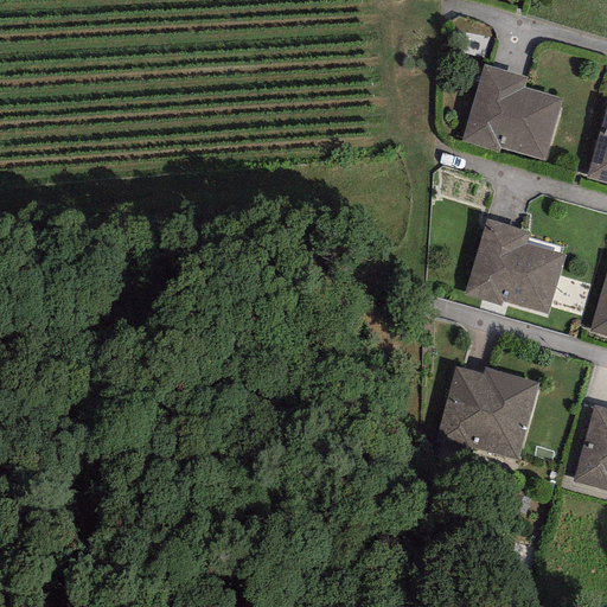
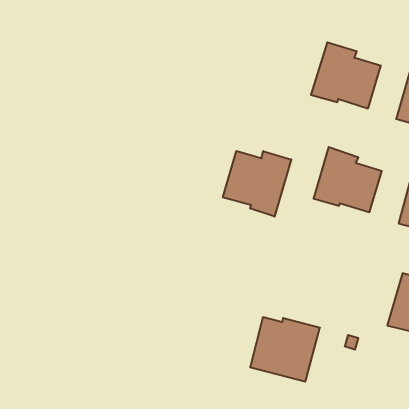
building: none -> [223,151,291,217]
building: [437,365,541,460] -> [250,317,320,382]

